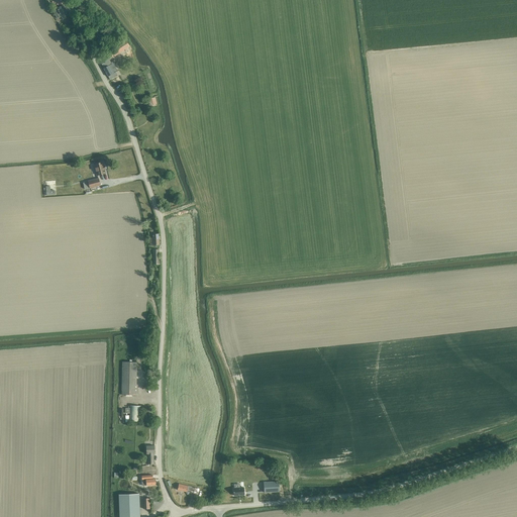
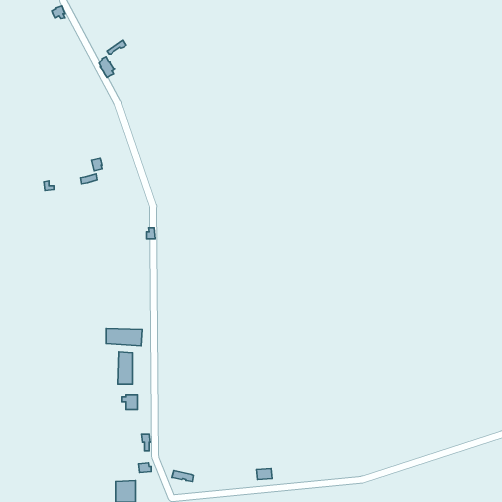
building: none -> [106,329,142,346]

